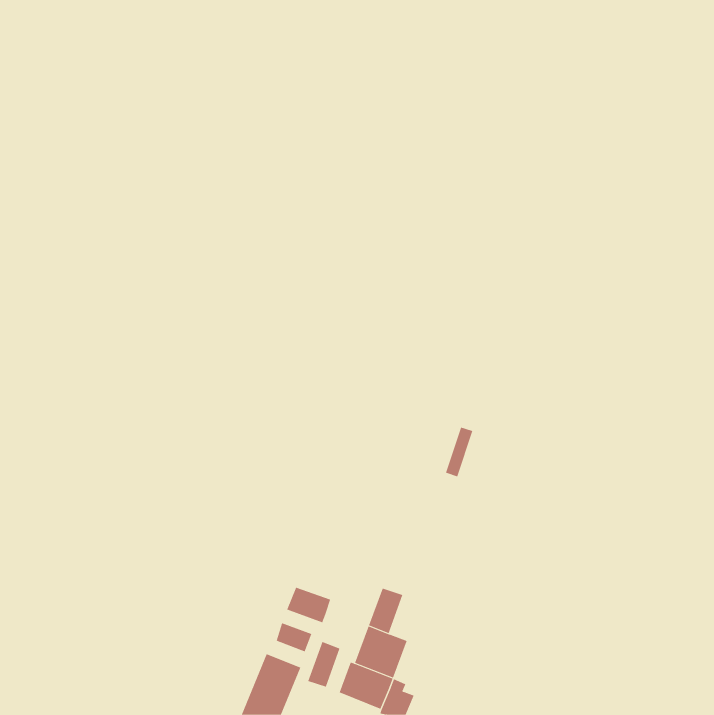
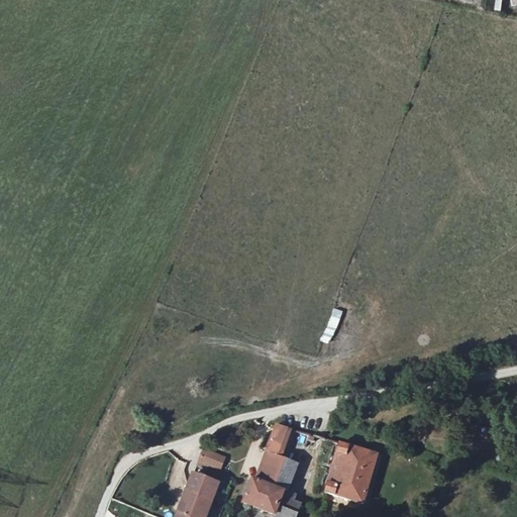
building: [287,587,331,623] -> none
building: none -> [326,443,377,502]
building: [308,641,340,687] -> none

